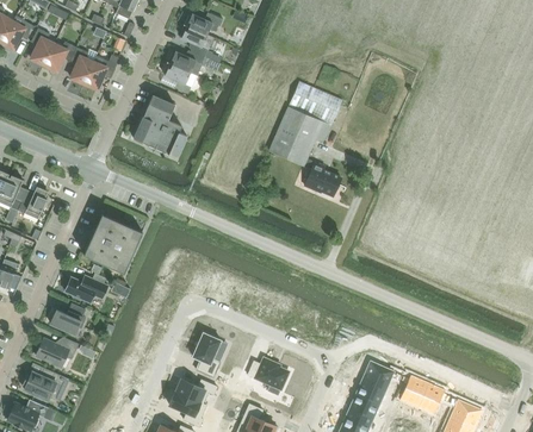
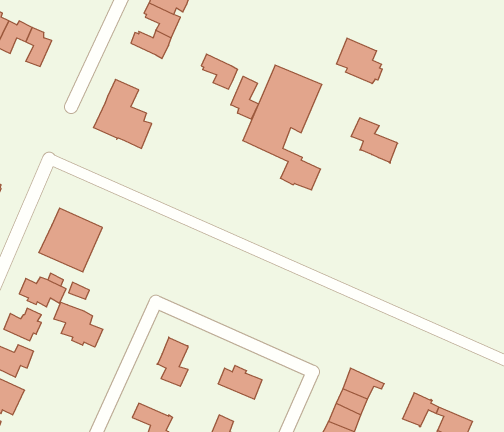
building: [83,55,118,89] -> none
building: none -> [336,38,382,84]
building: [162,62,196,94] -> [201,54,238,89]
building: none -> [231,76,258,119]
building: none -> [351,118,398,163]
building: none -> [54,302,103,347]
building: [397,374,427,406] -> none
building: [174,378,216,403] -> none

